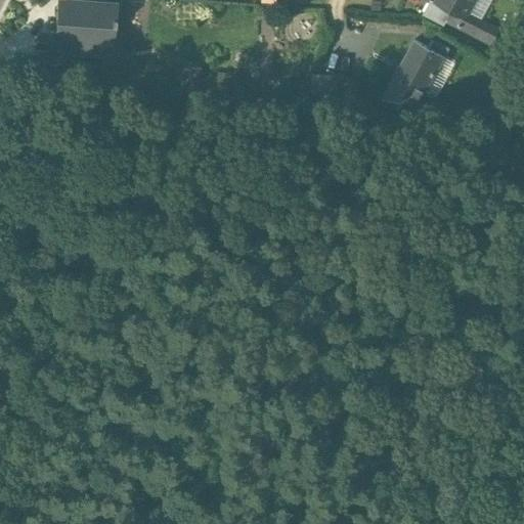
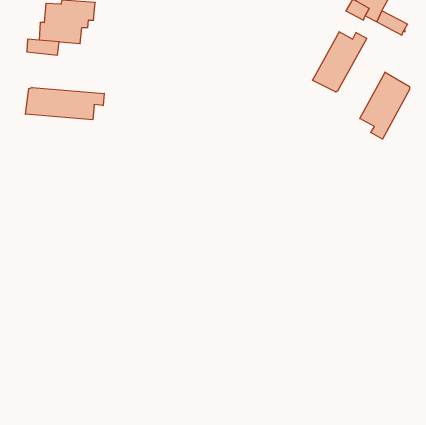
building: none -> [360,72,410,139]
building: none -> [25,87,104,120]

